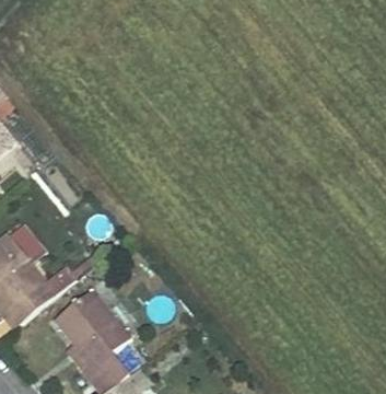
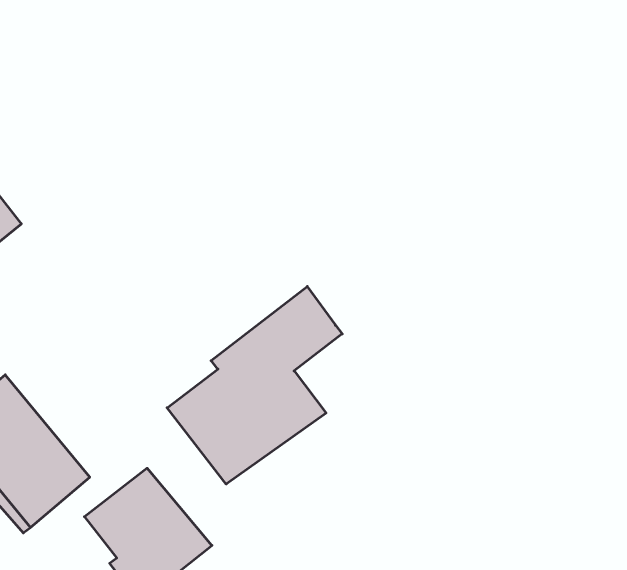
building: none -> [167,286,342,484]

